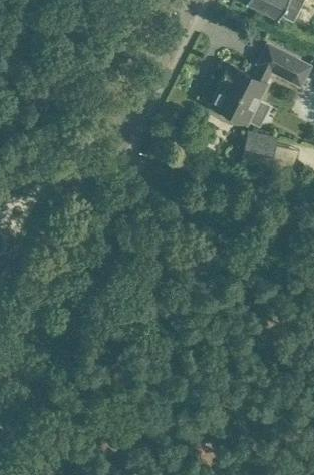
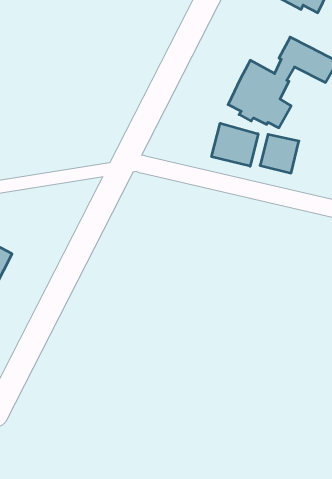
building: none -> [212,123,258,166]

